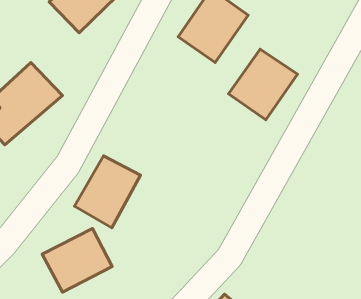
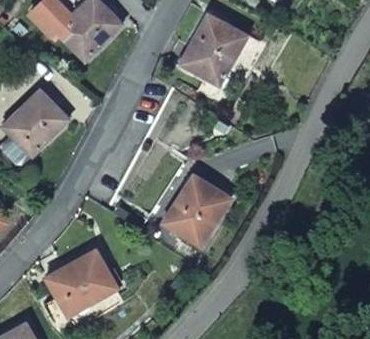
building: [228,49,298,120] -> none
building: [75,156,141,228] -> [164,177,228,247]

